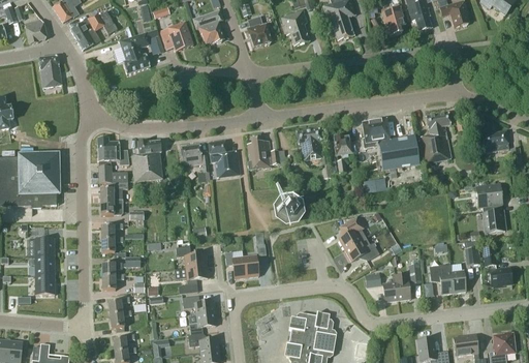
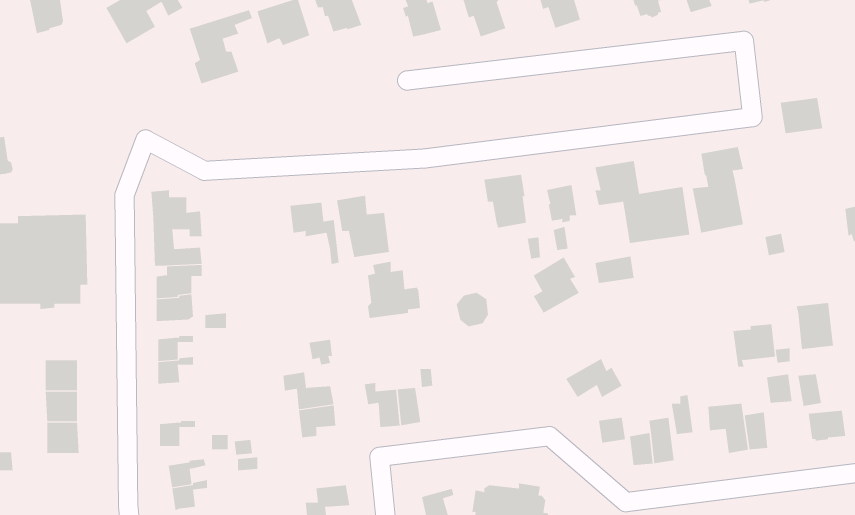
building: [38,55,61,86] -> none
building: [483,130,508,152] -> [780,97,823,134]
building: [247,134,279,169] -> [367,261,421,318]
building: [131,141,162,181] -> none
building: [475,184,501,210] -> [732,324,776,367]
building: [338,215,366,249] -> [533,256,580,314]
building: [101,256,145,276] -> none
building: [182,295,214,314] -> none

